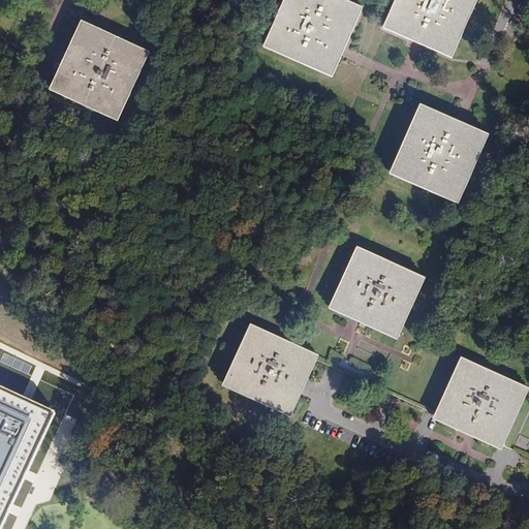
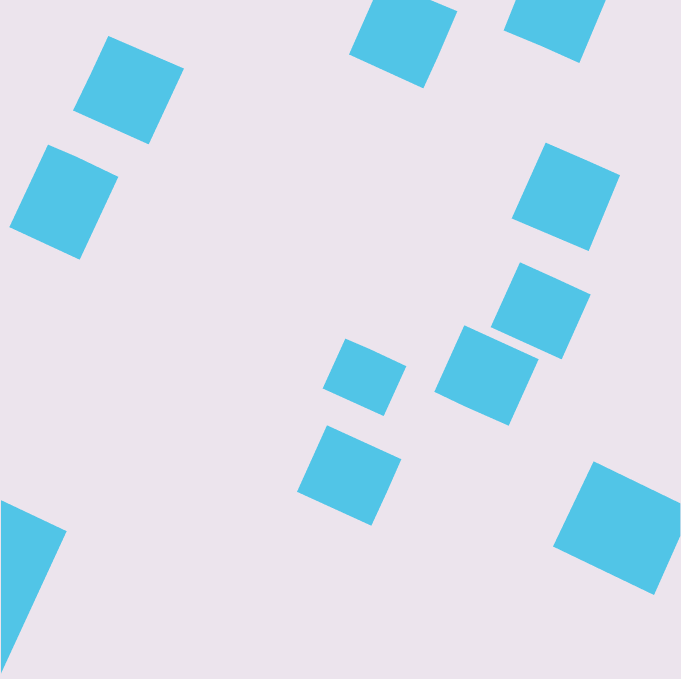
building: none -> [8,144,119,261]
building: none -> [490,261,592,360]
building: none -> [322,338,407,417]

